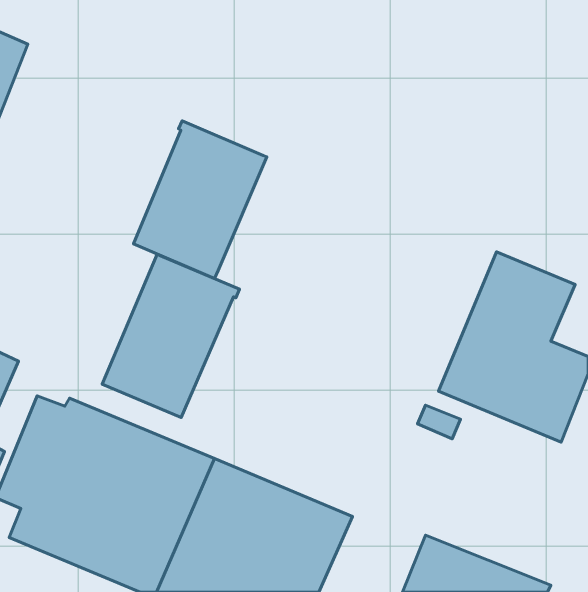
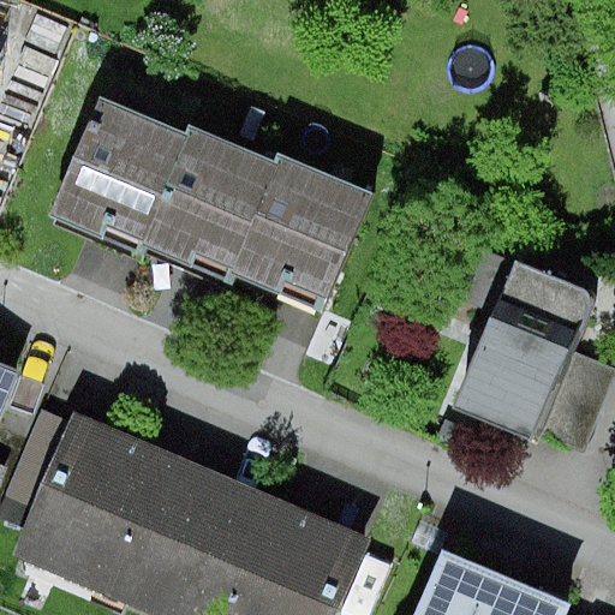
building: none -> [47,98,187,261]
building: none -> [226,153,372,318]
building: [102,254,239,418] -> none

